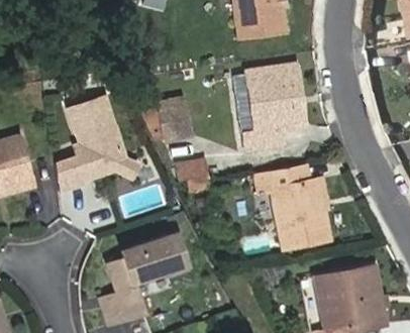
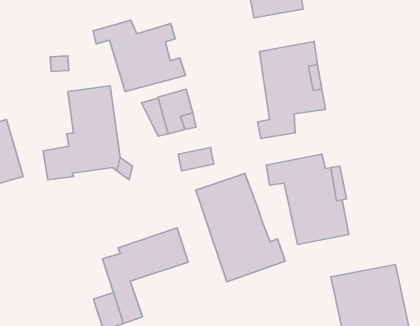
building: none -> [93,20,185,91]
building: none -> [196,173,285,282]

